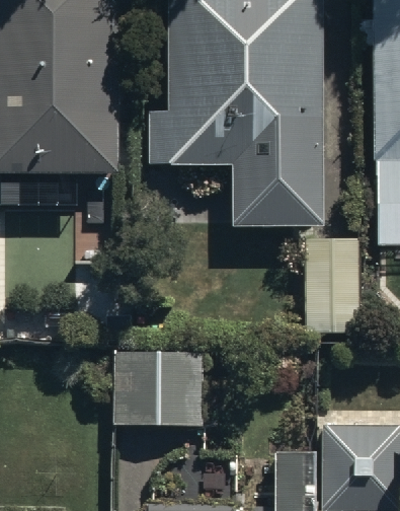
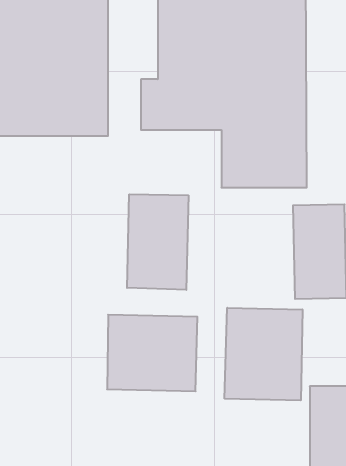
building: none -> [127,194,188,290]
building: none -> [225,308,302,400]

